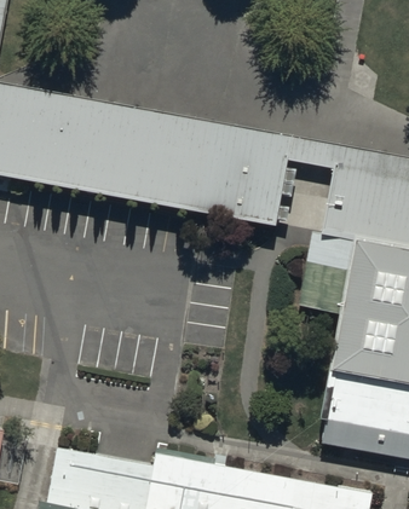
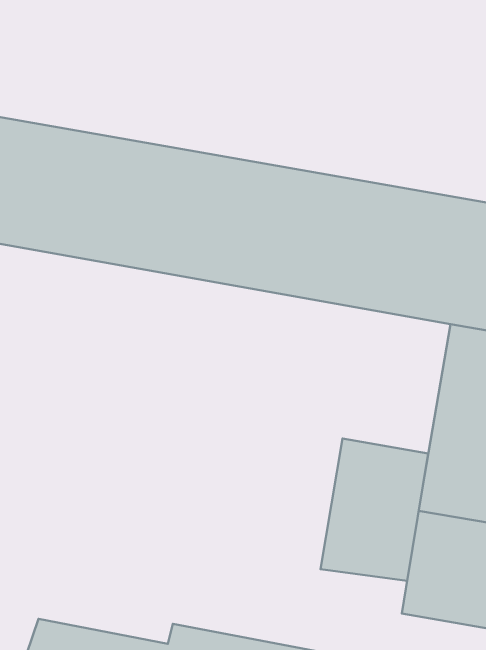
building: none -> [320,439,428,581]

